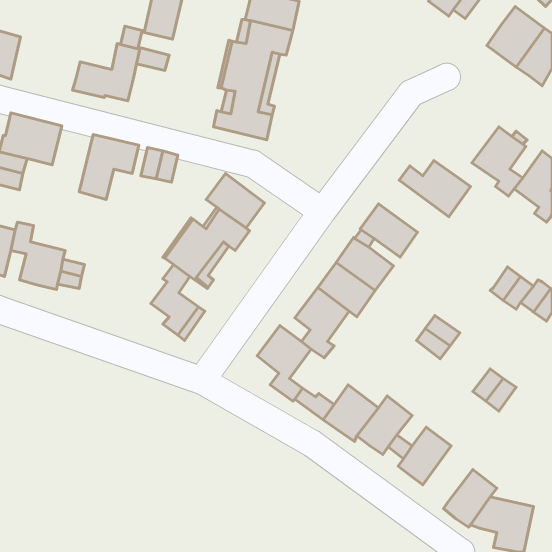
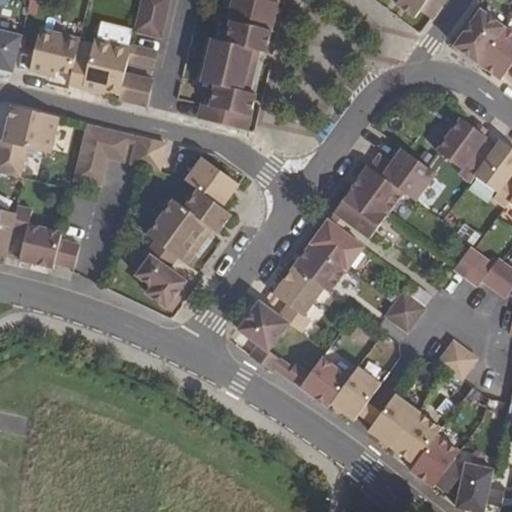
building: none -> [28,28,78,75]
building: none -> [117,72,152,105]
building: none -> [349,165,402,214]
building: none -> [390,411,439,463]

